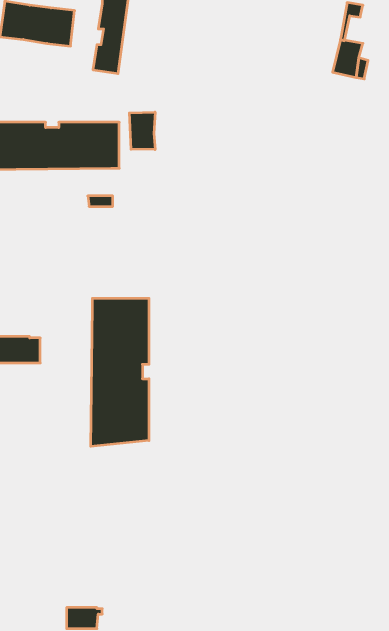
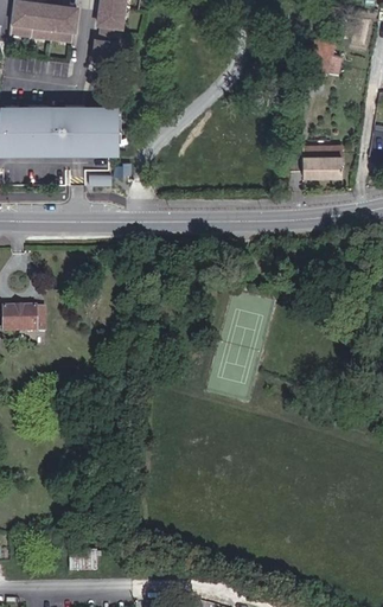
building: [129,112,155,150] -> none
building: none -> [302,145,341,177]
building: [91,298,149,446] -> none

